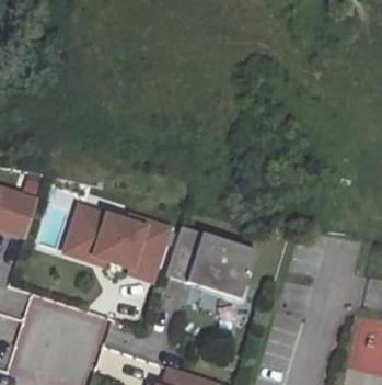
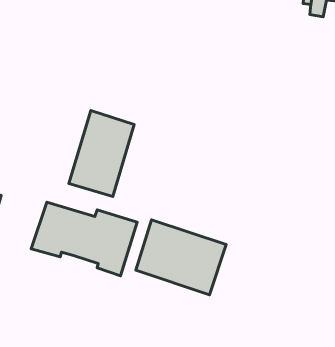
building: none -> [69,111,134,197]

